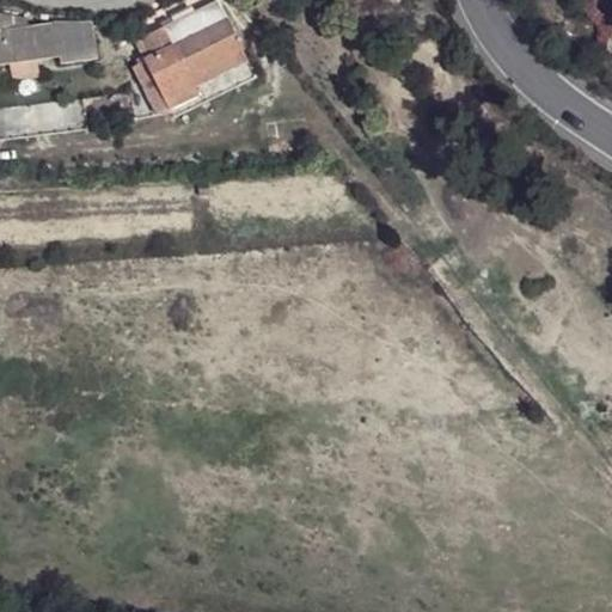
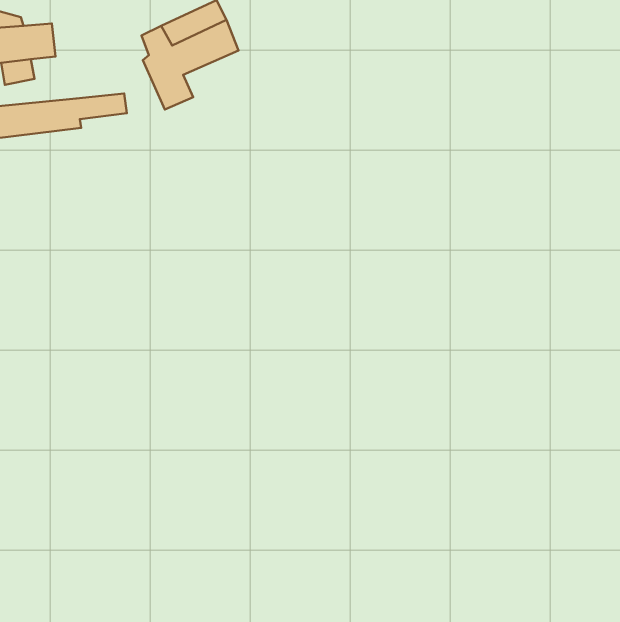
building: [50,23,91,66] -> none
building: [160,49,245,114] -> none

